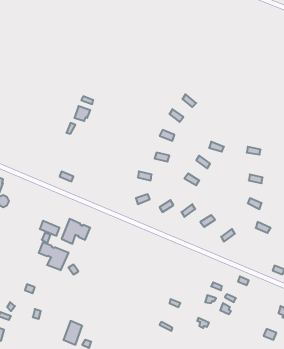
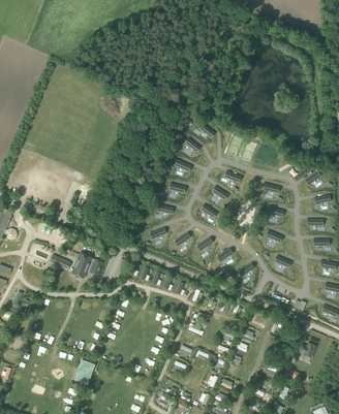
building: [39,242,68,270] -> none

